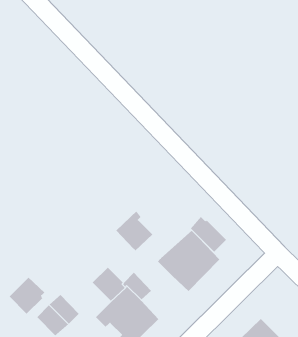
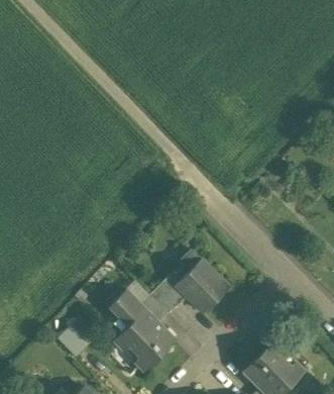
building: [115,210,153,251] -> [150,277,187,316]
building: [190,216,227,252] -> none
building: [9,277,45,314] -> none

